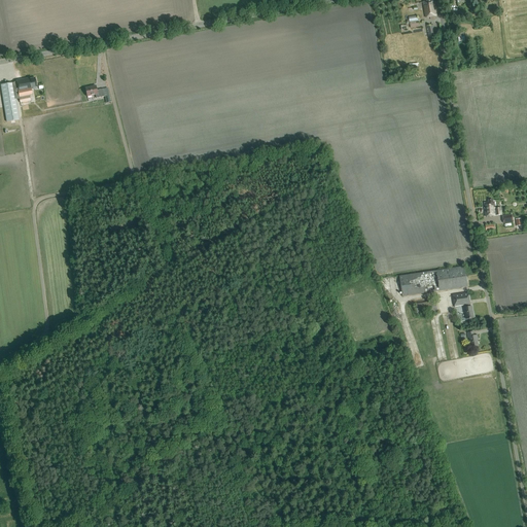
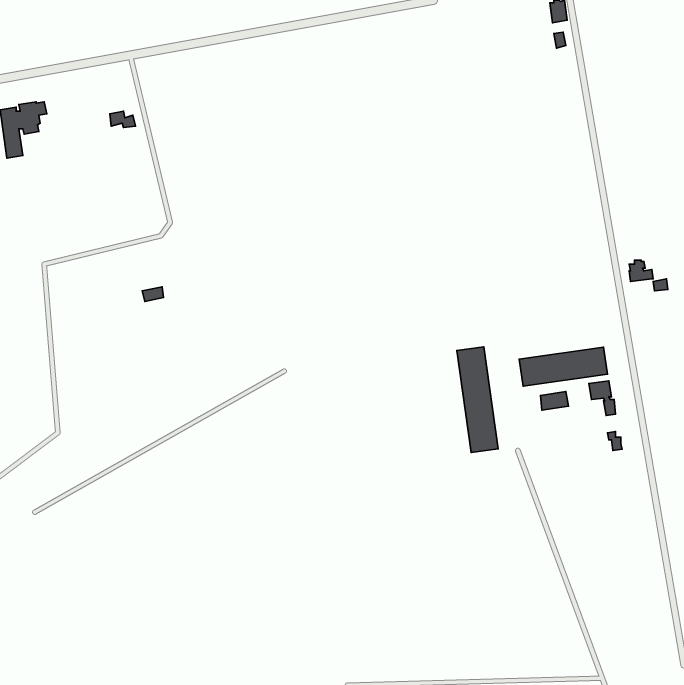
building: none -> [457,347,498,452]

